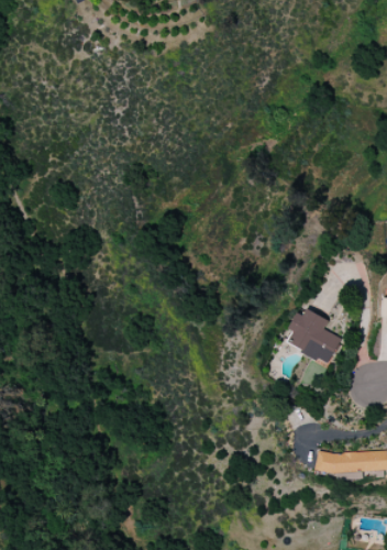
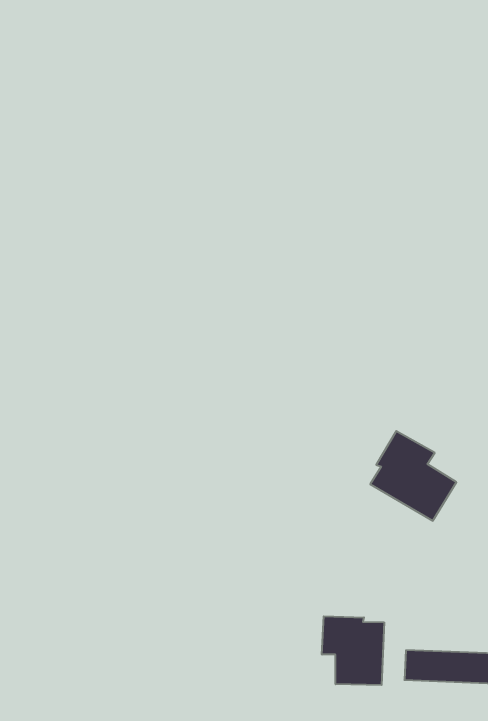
building: none -> [322,616,384,685]

